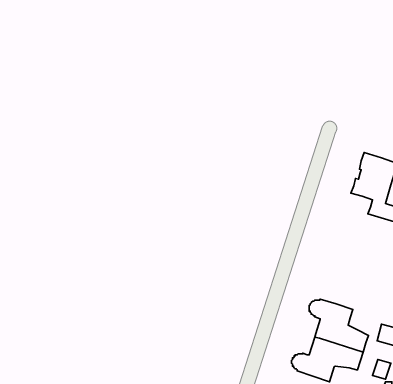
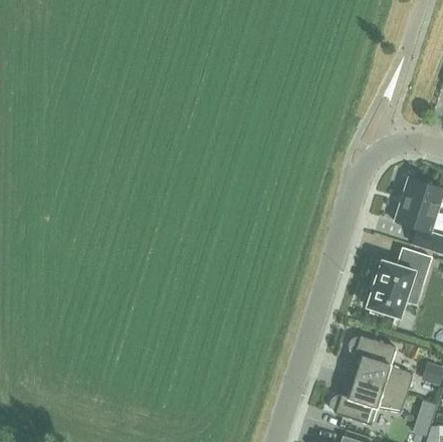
building: none -> [367,249,431,317]

